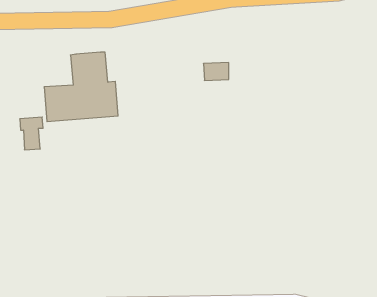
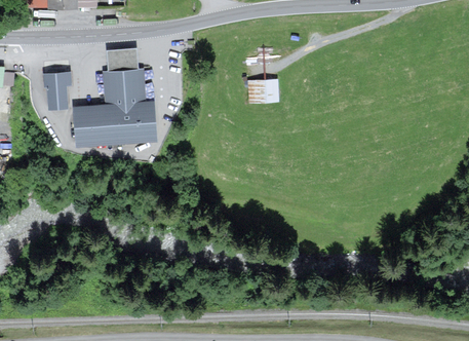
building: none -> [108,49,135,72]
building: [20,117,43,150] -> [43,72,69,108]

